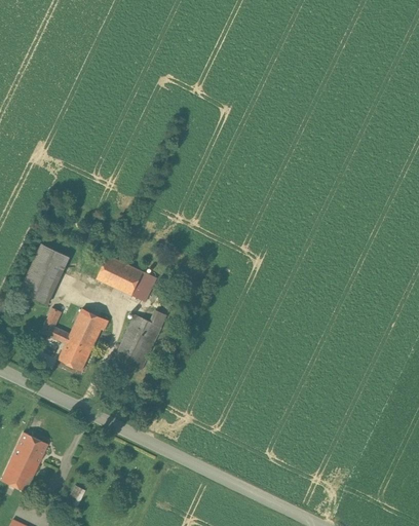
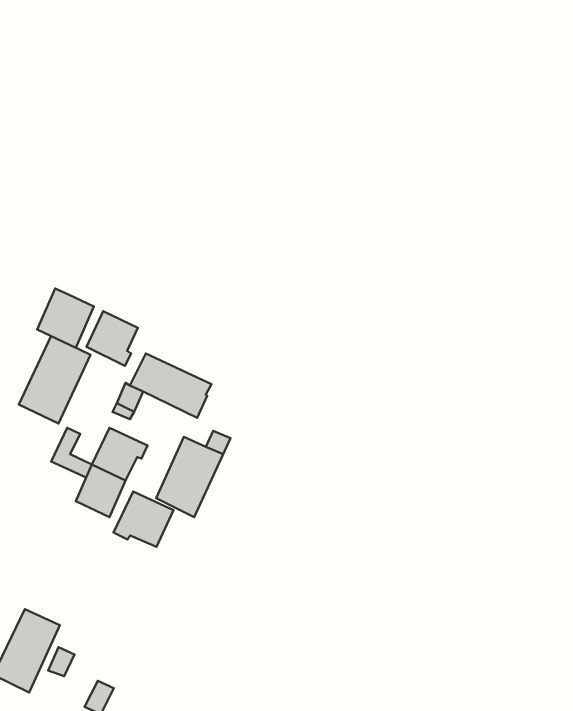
building: none -> [37,288,94,348]
building: none -> [86,311,138,366]
building: none -> [113,492,174,547]

